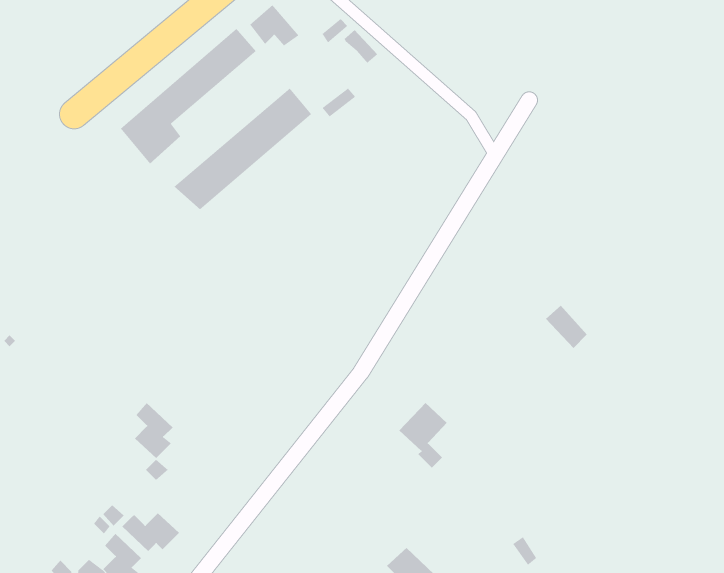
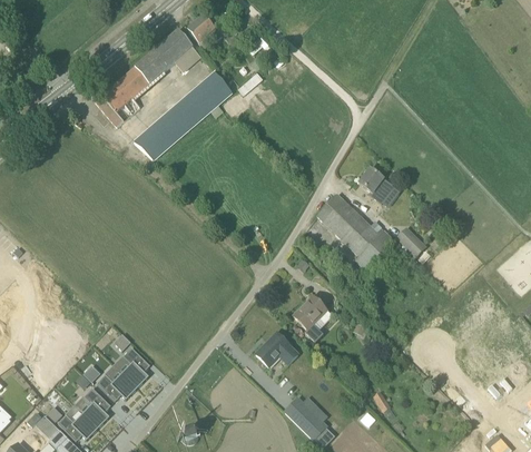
building: none -> [358,168,395,205]
building: none -> [316,194,394,271]
building: [134,402,173,459] -> [122,347,150,387]
building: none -> [256,332,298,366]

